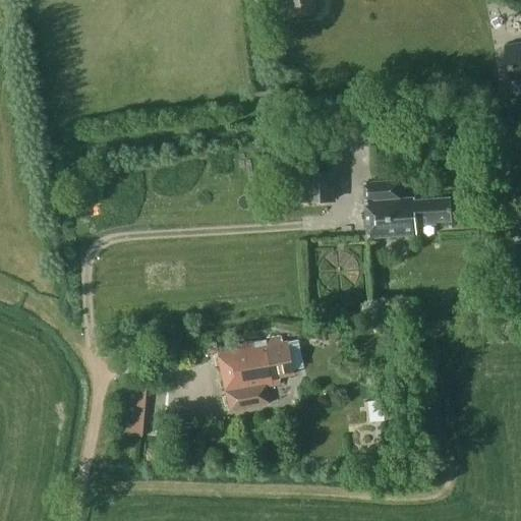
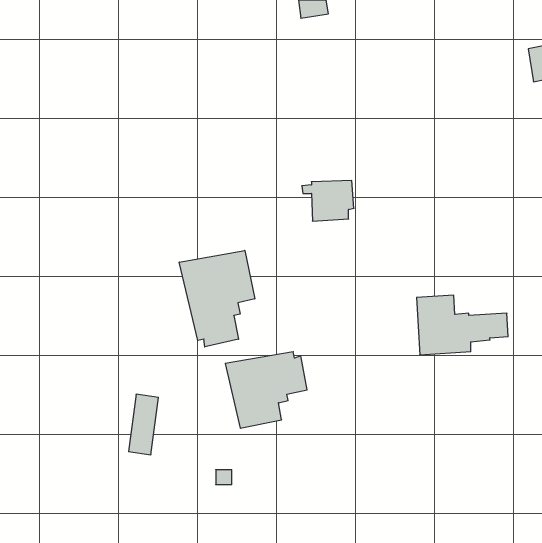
building: [365,181,453,238] -> [417,295,508,355]
building: none -> [179,250,255,347]

